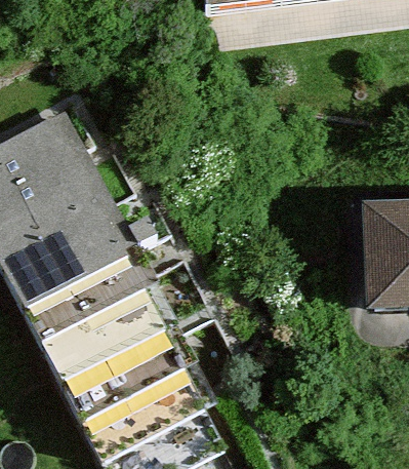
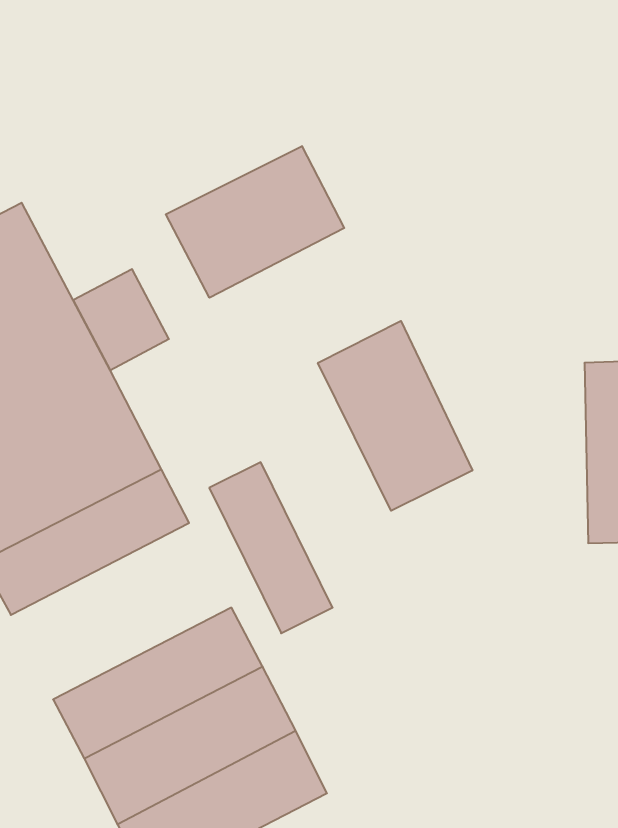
building: none -> [166,146,344,298]
building: none -> [318,321,472,511]
building: [46,296,169,394] -> none

